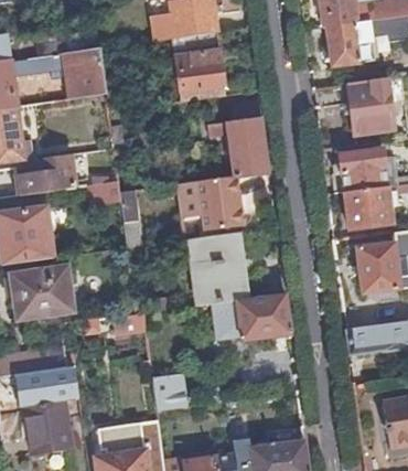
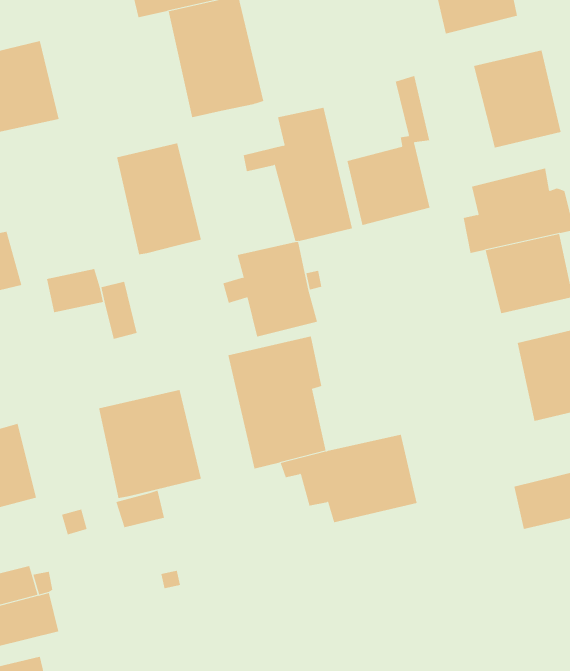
building: none -> [347,75,430,226]
building: none -> [116,142,202,255]
building: none -> [98,389,202,499]
building: [151,374,185,413] -> none

